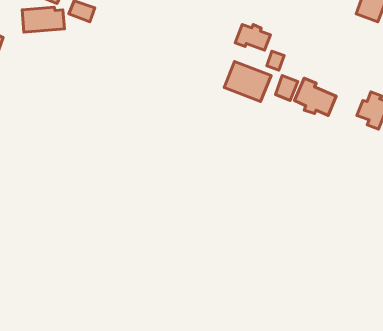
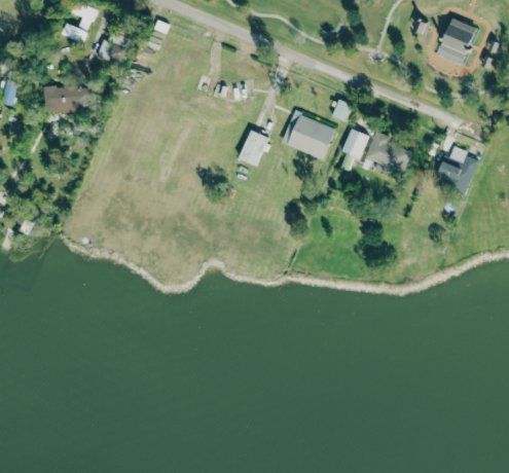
building: [22,7,65,32] -> [41,84,92,114]
building: [235,24,271,50] -> none
building: none -> [239,131,266,166]

